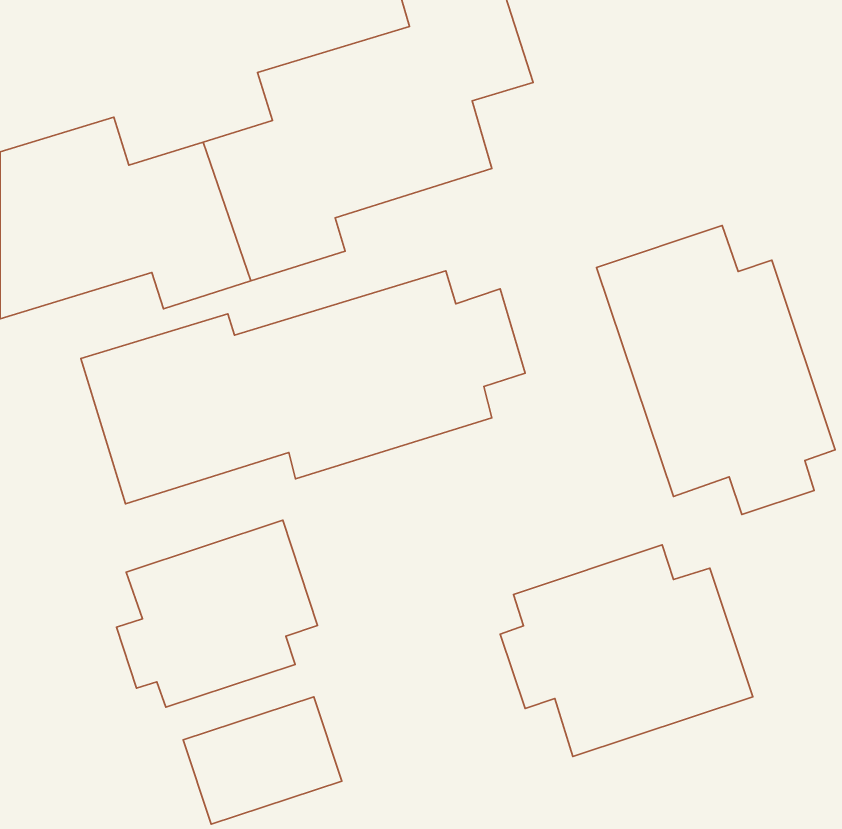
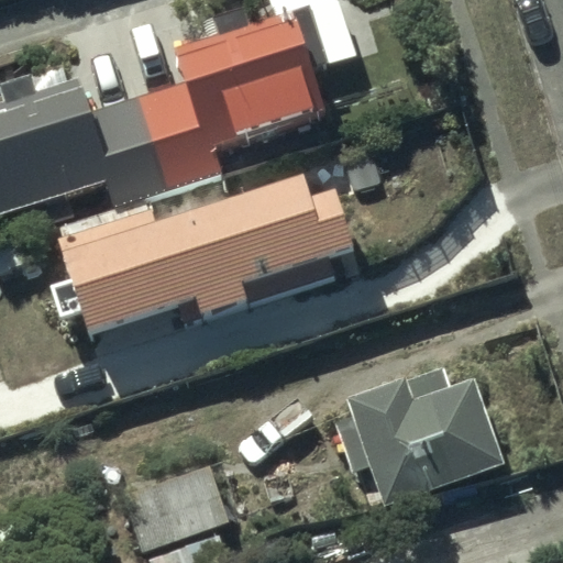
building: [597,226,835,515] -> none
building: [117,520,317,707] -> none

